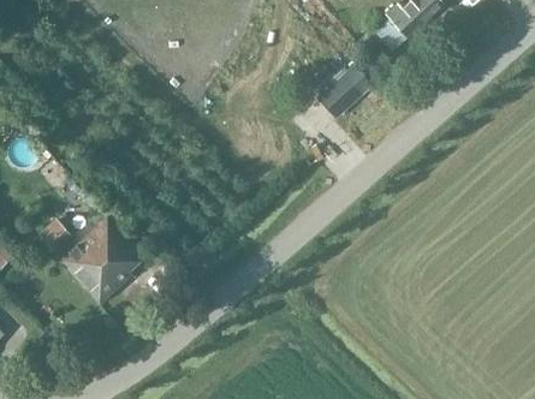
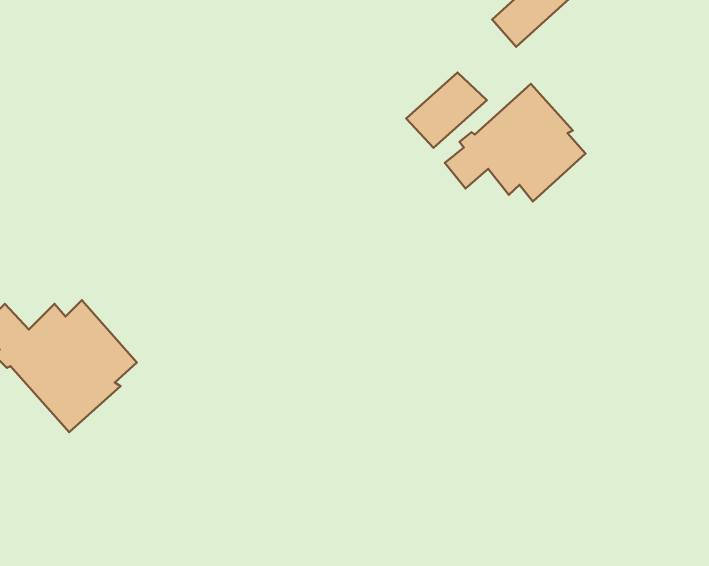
building: none -> [445,84,586,201]

